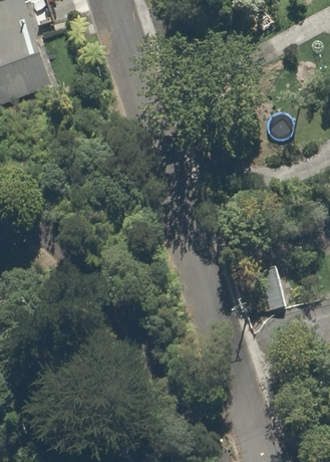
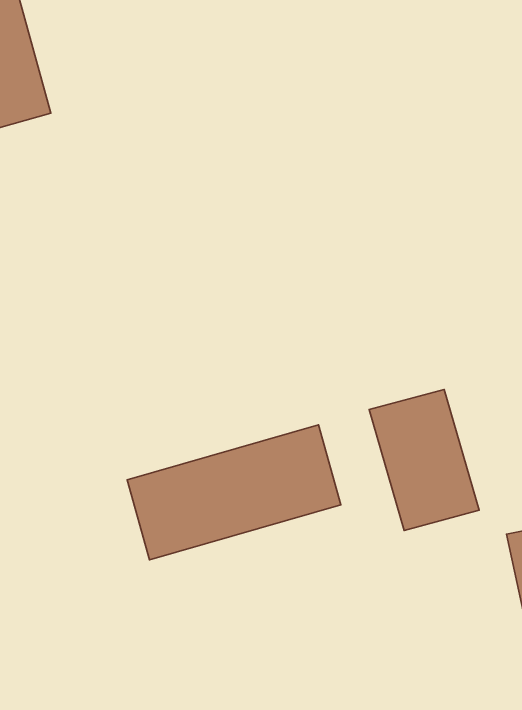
building: none -> [127,425,341,560]

